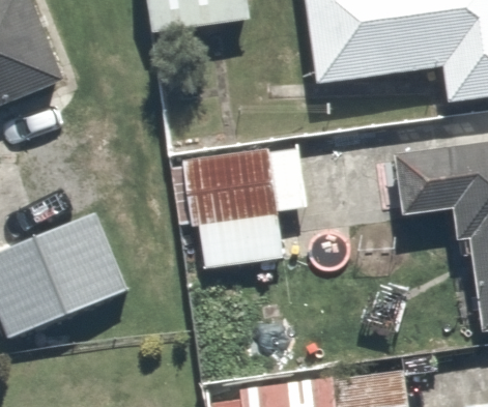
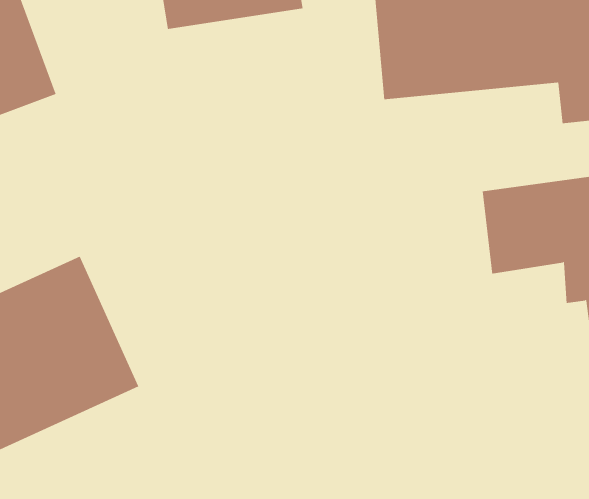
building: [182,141,308,270] -> none

